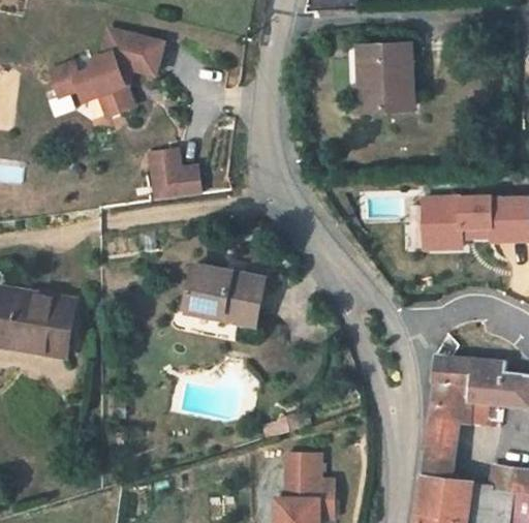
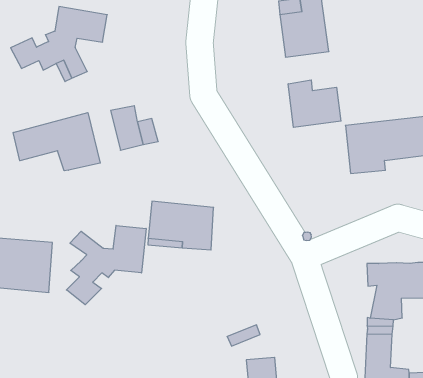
building: none -> [288,80,341,127]
building: none -> [13,113,100,171]
building: none -> [66,225,146,305]

